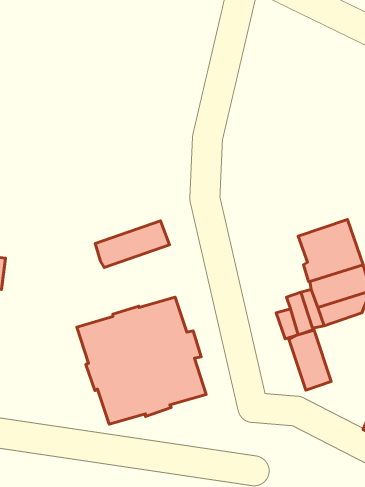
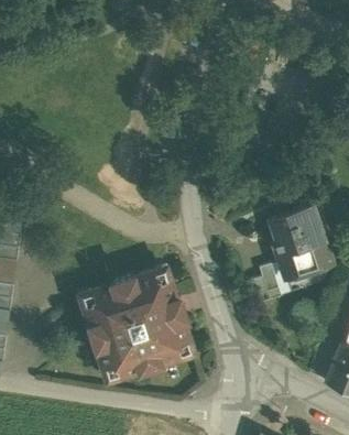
building: [95,221,169,268] -> none
building: [289,330,331,390] -> none

